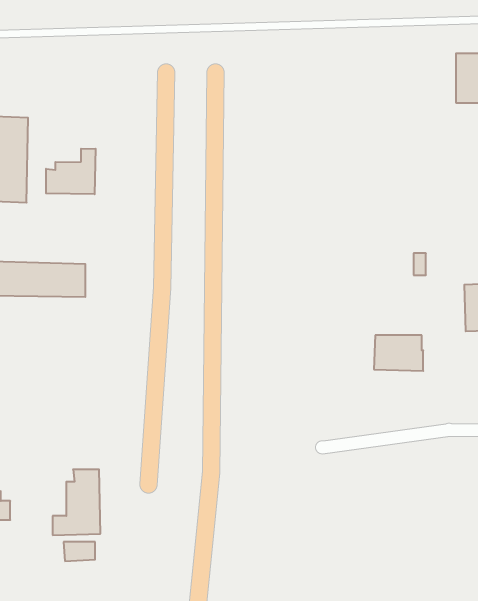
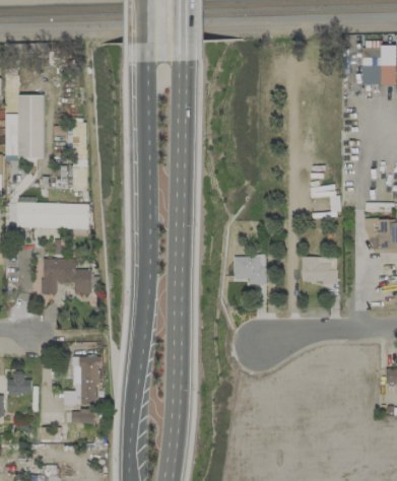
building: [46,149,96,194] -> none
building: none -> [234,256,266,284]
building: none -> [43,259,90,293]

